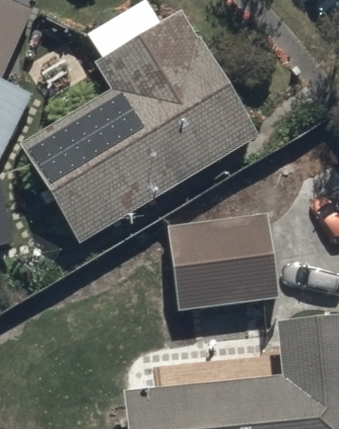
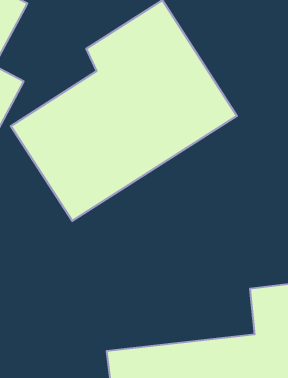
building: [164,209,278,309] -> none

